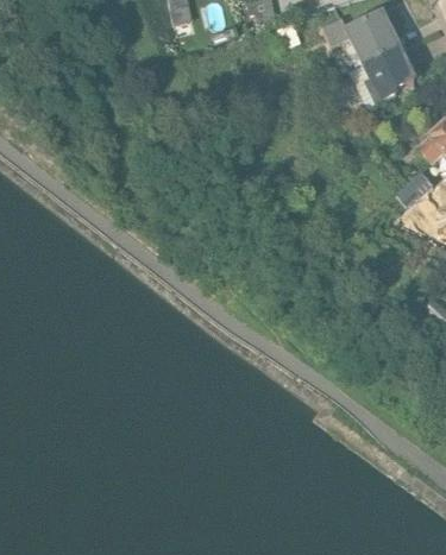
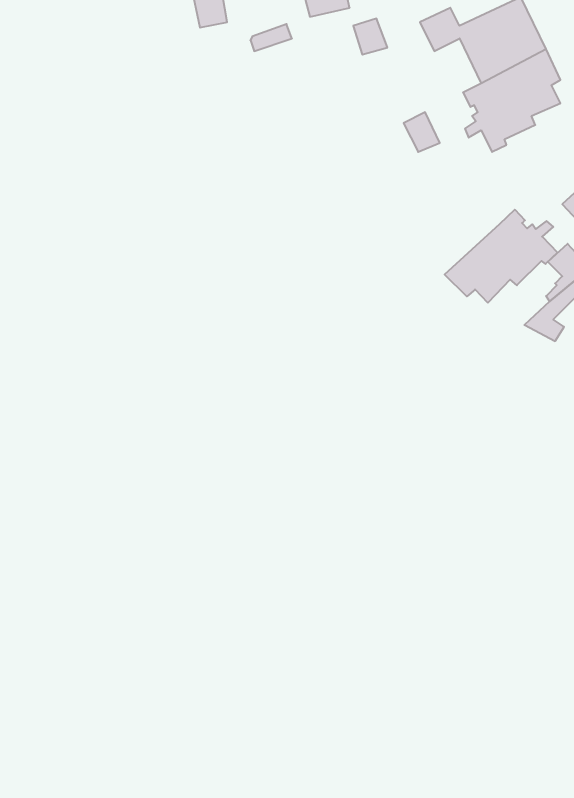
building: none -> [445,210,557,303]

